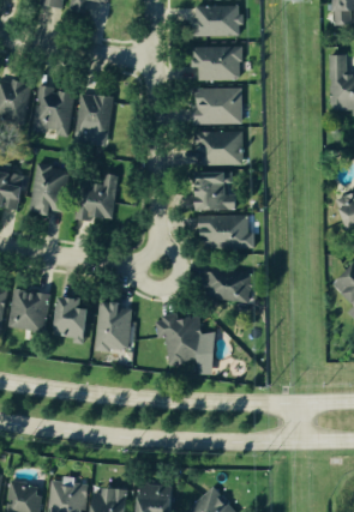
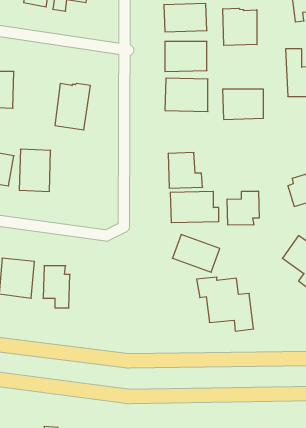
building: none -> [223,8,257,45]
building: [31,85,73,135] -> none
building: [197,132,242,165] -> [223,89,263,119]
building: [76,173,118,219] -> none
building: none -> [227,191,259,225]
building: [96,300,132,350] -> none
building: [155,314,218,374] -> [197,277,254,331]

